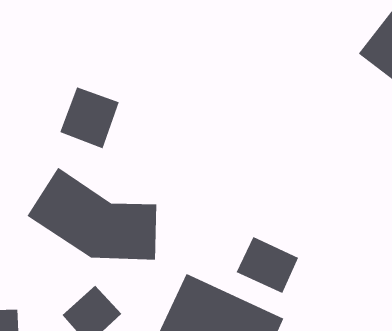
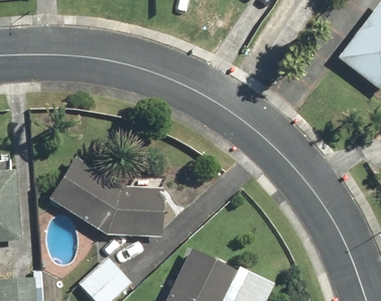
building: [60,87,120,149] -> none
building: [236,236,299,294] -> none

